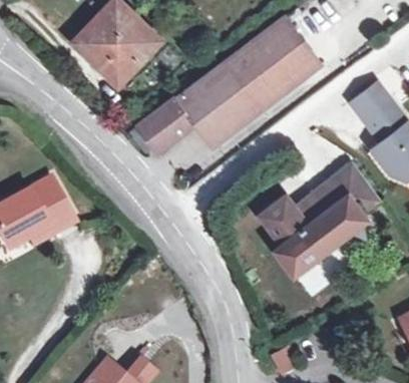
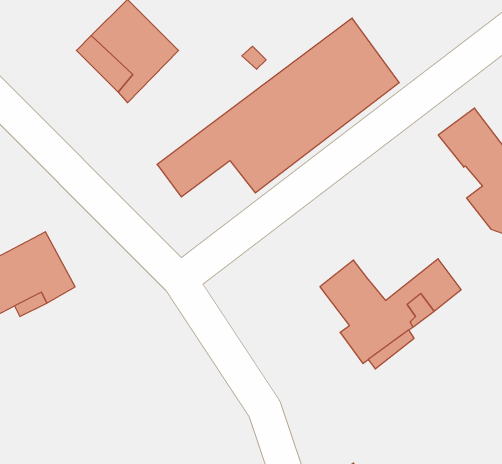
building: [296,166,379,227] -> none

